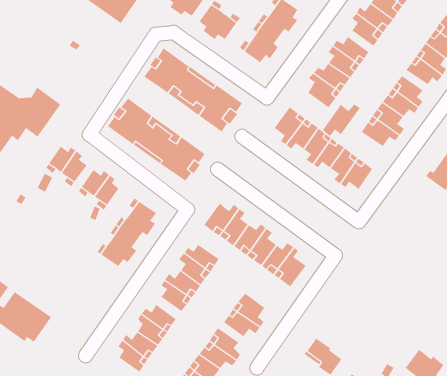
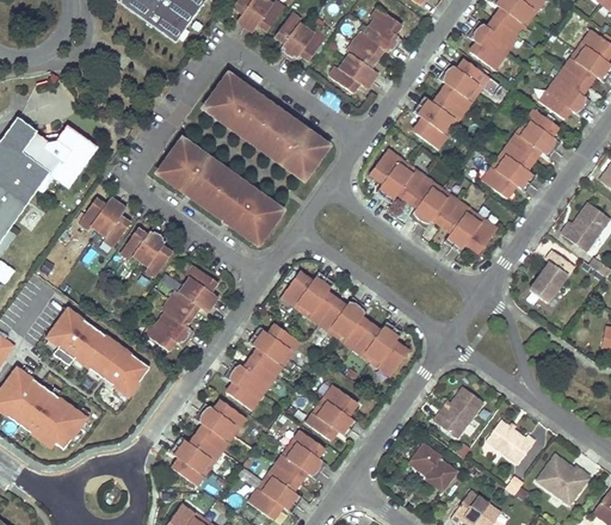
building: [322,103,361,137] -> none
building: none -> [529,253,573,303]
building: none -> [44,309,148,396]
building: none -> [431,388,481,438]
building: none -> [485,422,533,465]

